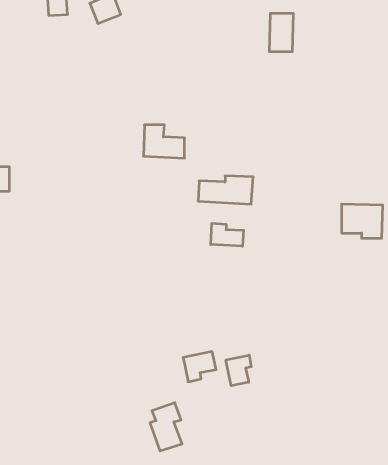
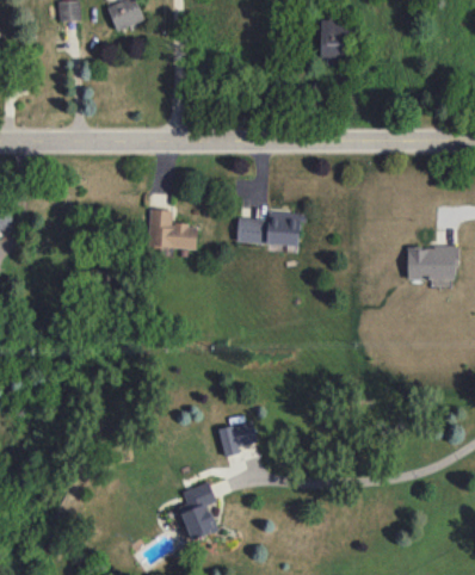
building: [143,125,185,158] -> [148,210,197,249]
building: [211,223,244,246] -> none
building: [226,355,251,386] -> none

